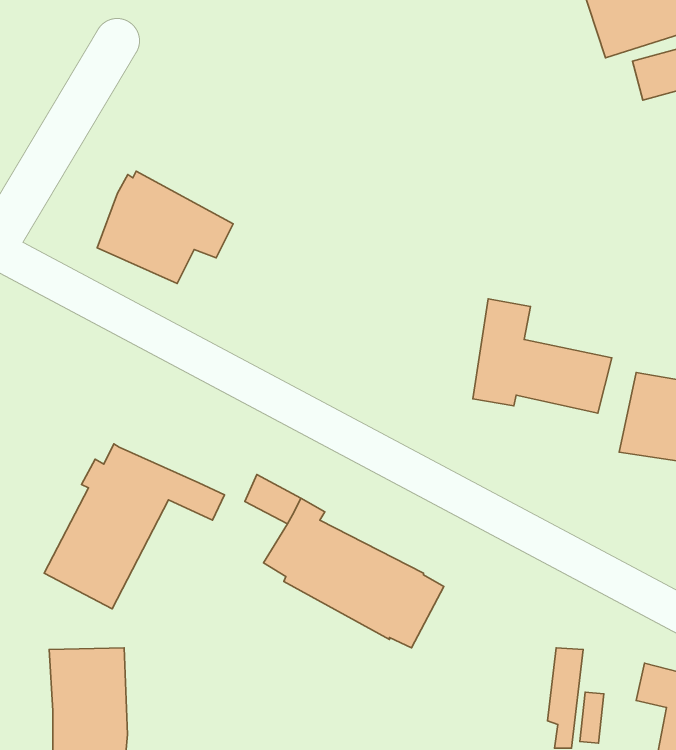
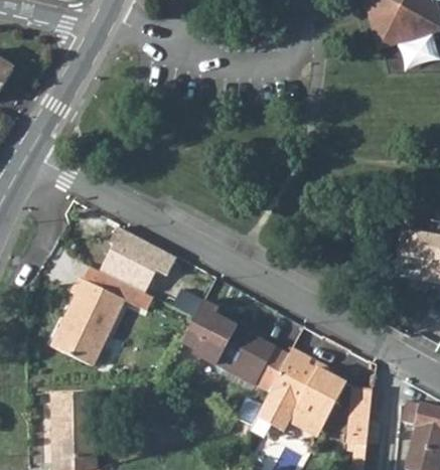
building: [97,171,233,283] -> [96,227,176,294]
building: [473,299,612,413] -> none
building: none -> [256,349,343,430]

